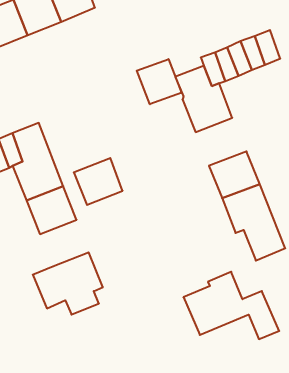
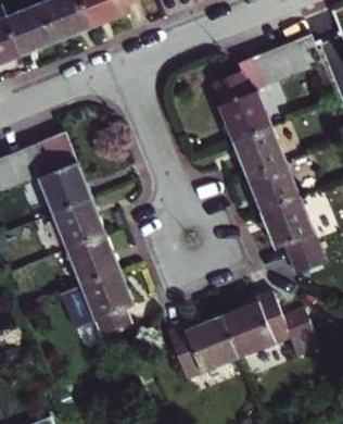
building: [137,59,181,104] -> none
building: none -> [233,128,288,179]
building: [74,158,123,205] -> [67,237,119,287]
building: none -> [168,320,238,382]

